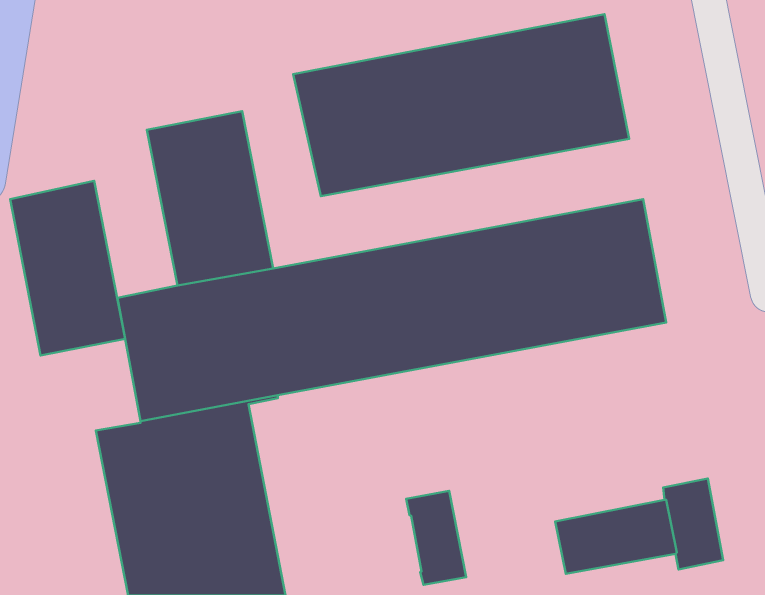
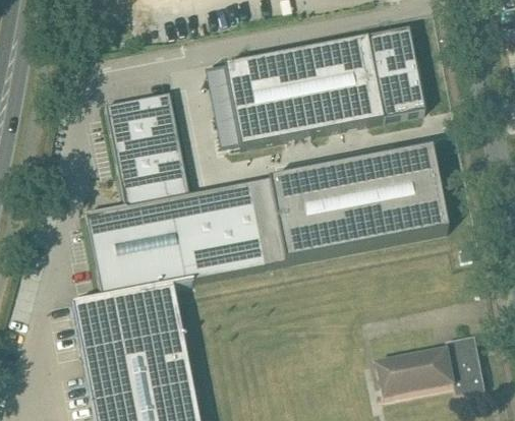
building: [10,181,125,356] -> none
building: [406,491,466,585] -> none

